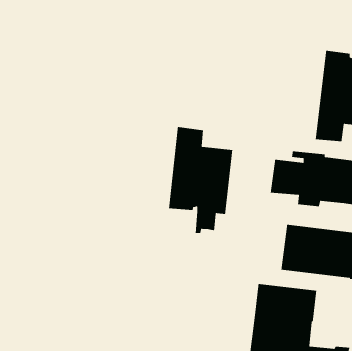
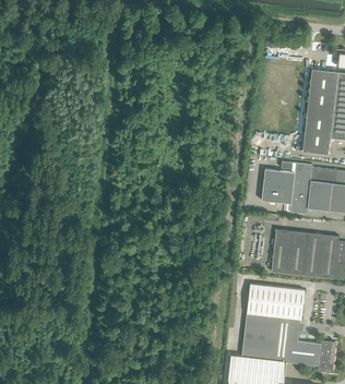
building: [168,126,233,234] -> none

